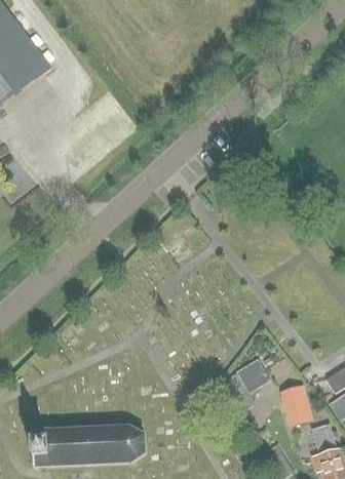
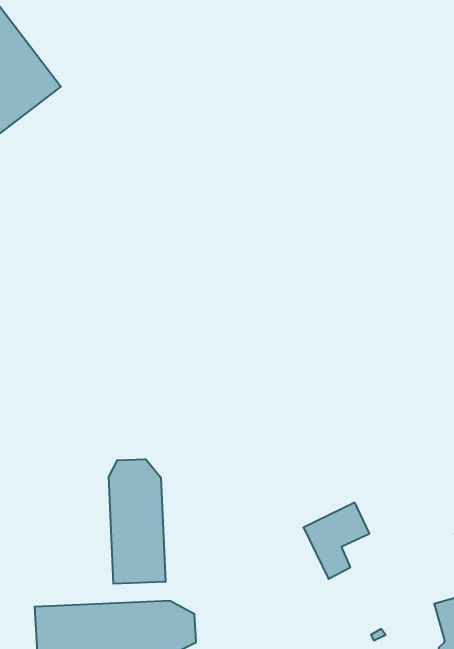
building: none -> [109,459,165,584]
building: [282,384,312,426] -> none

